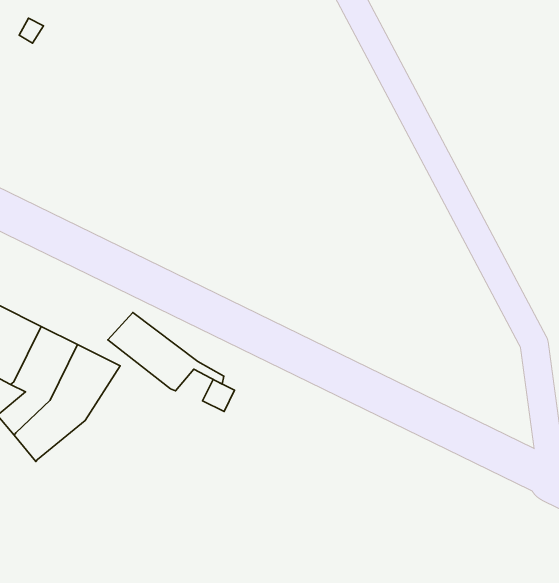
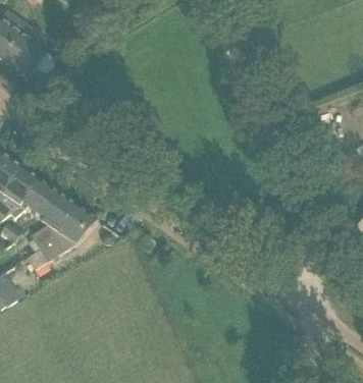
building: [108,313,224,391] -> none

